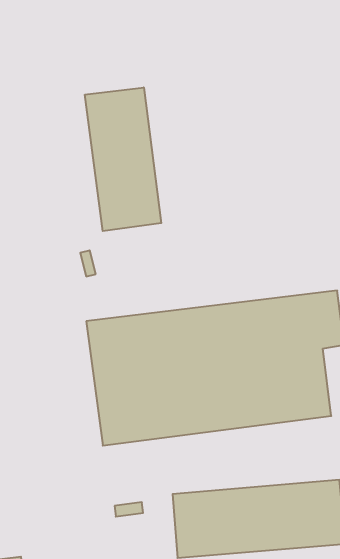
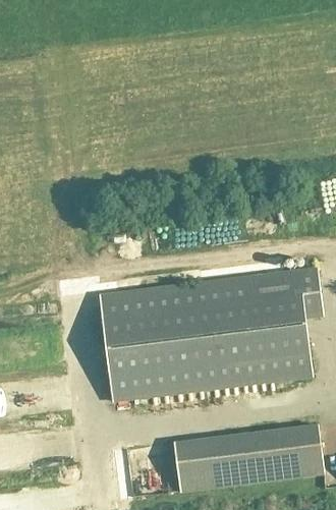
building: [85,87,161,231] -> none

